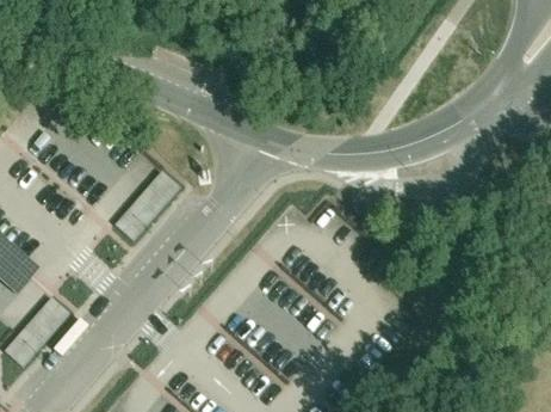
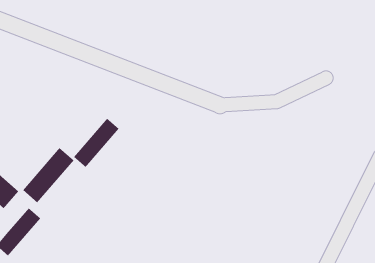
building: none -> [22,147,74,203]

